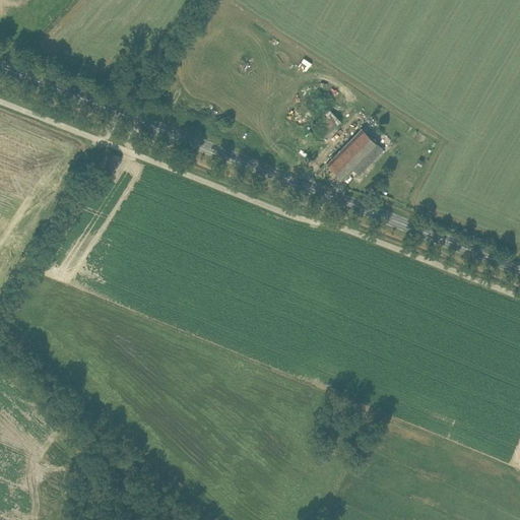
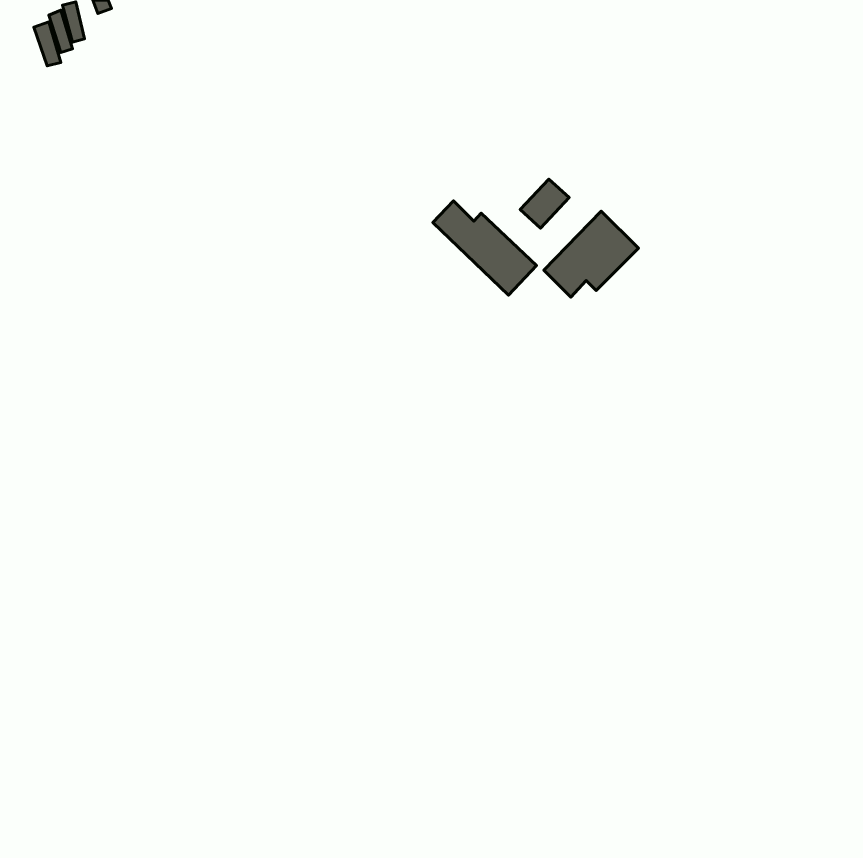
building: none -> [433,201,537,295]

